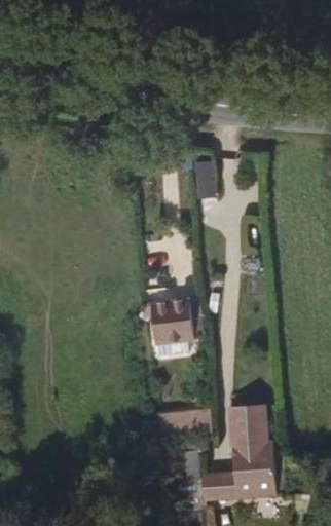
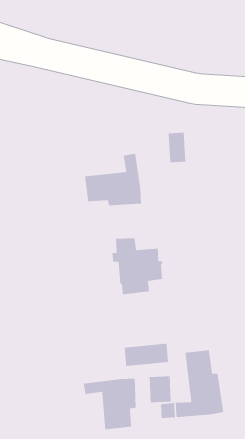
building: none -> [84,153,142,206]
building: none -> [83,378,137,430]

